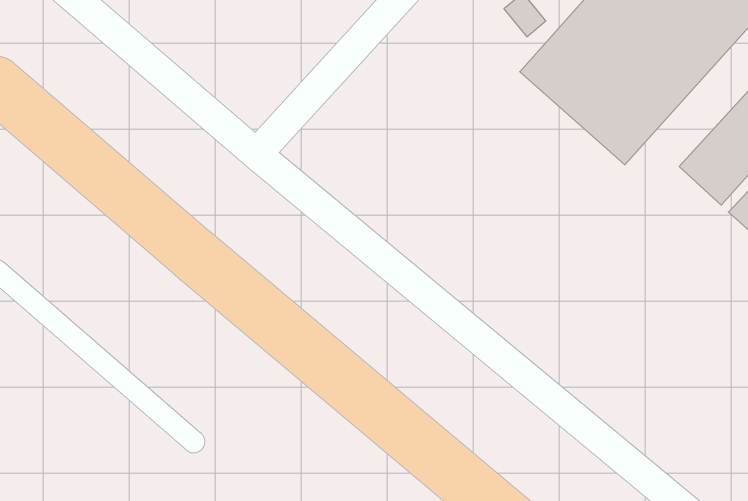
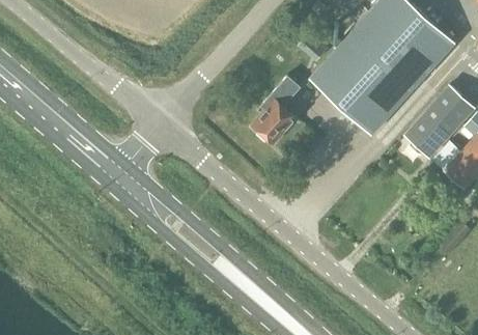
building: none -> [252,76,300,143]

